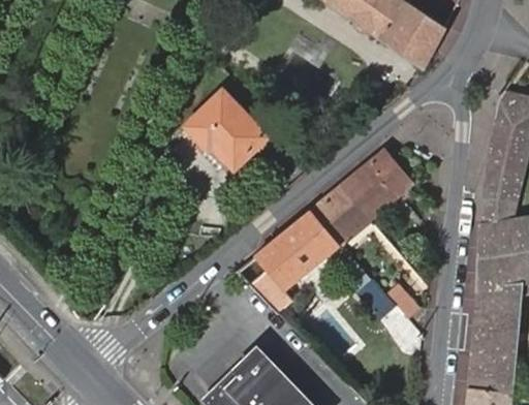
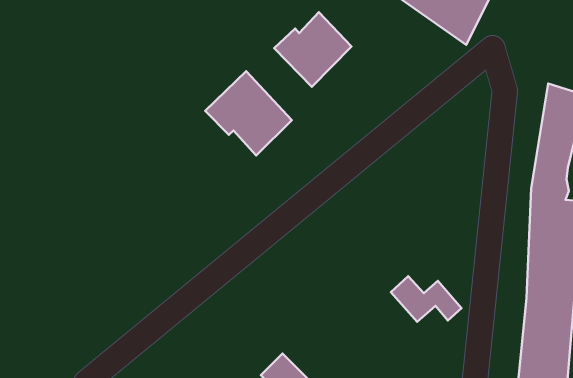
building: none -> [274,12,351,87]
building: [238,149,412,305] -> none

